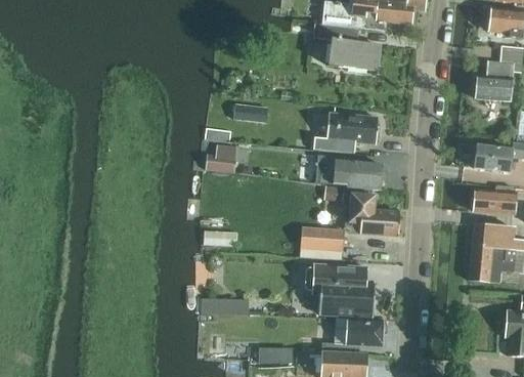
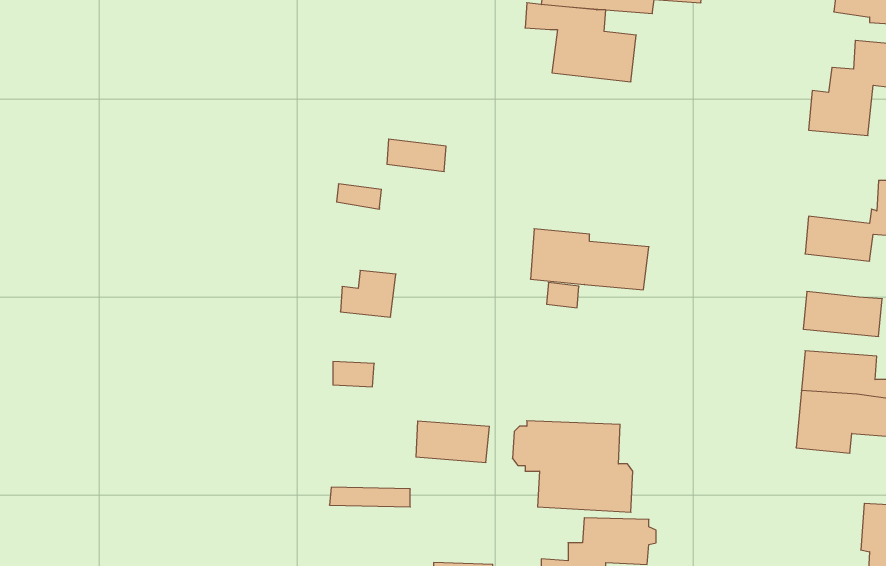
building: [312,112,377,152] -> none
building: [205,143,236,170] -> [340,270,396,317]
building: [346,193,397,234] -> none
building: [301,226,343,250] -> [416,421,489,462]

